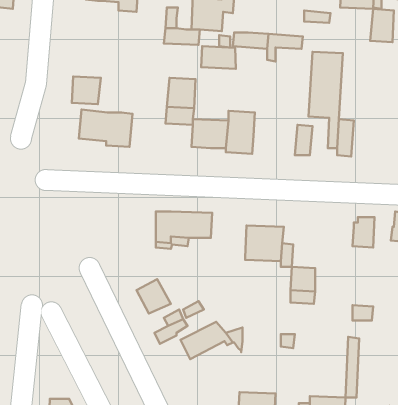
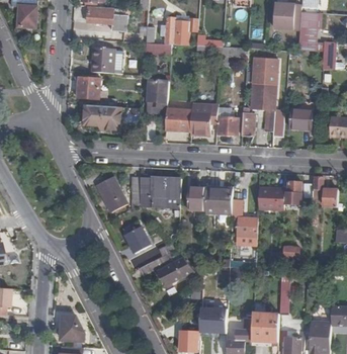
building: none -> [93,47,114,73]
building: [201,46,236,69] -> none
building: none -> [290,103,312,128]
building: none -> [216,106,237,135]
building: none -> [97,177,125,210]
building: none -> [187,186,205,210]
building: none -> [257,187,284,209]

